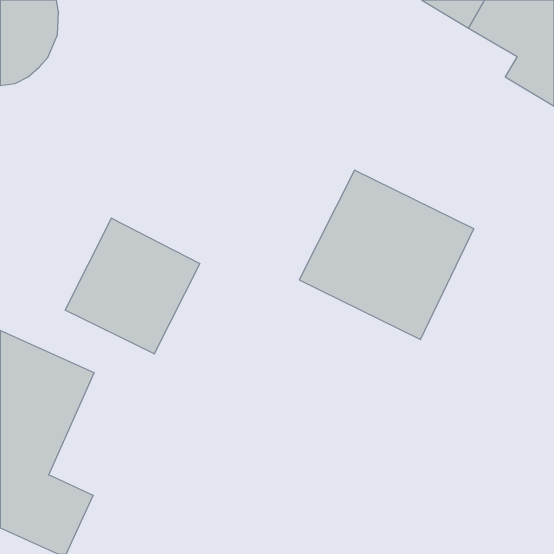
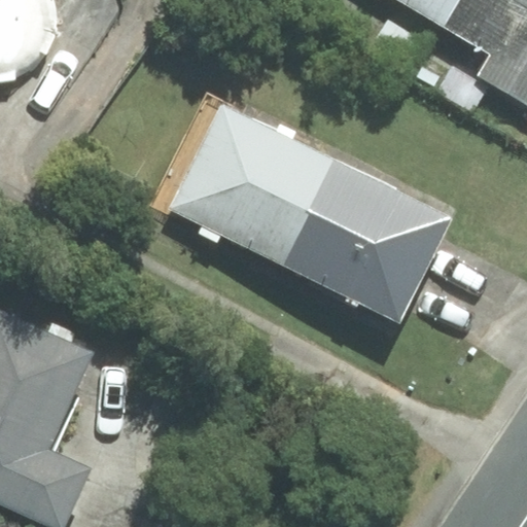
building: none -> [155,97,337,266]
building: [65,218,200,354] -> none

